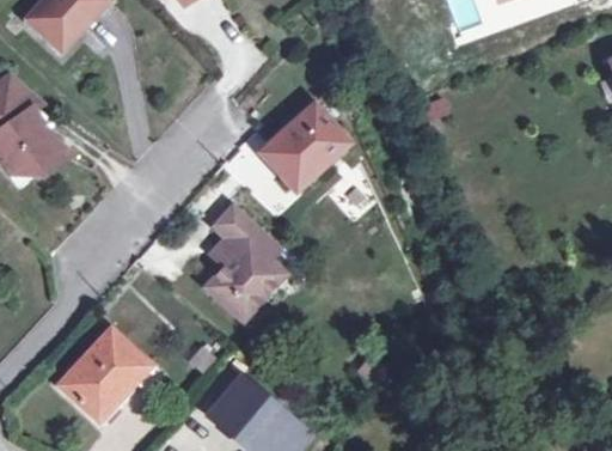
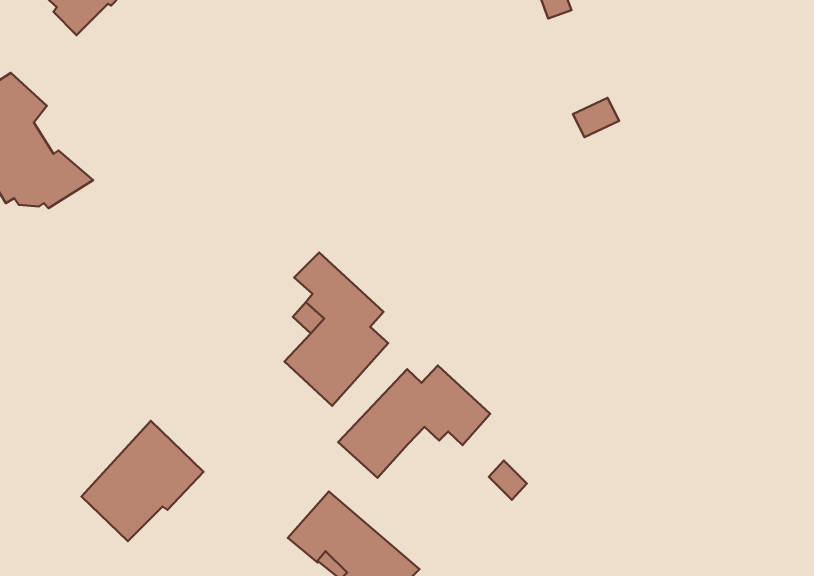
building: [261,103,347,189] -> none
building: none -> [338,366,490,478]

